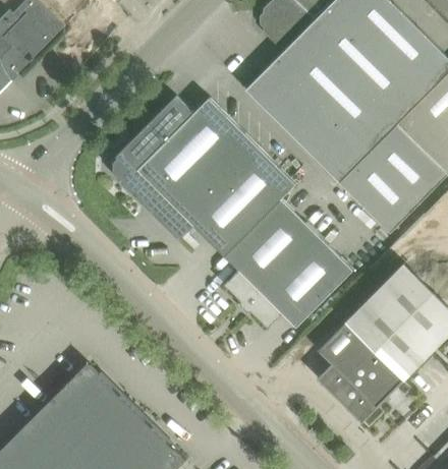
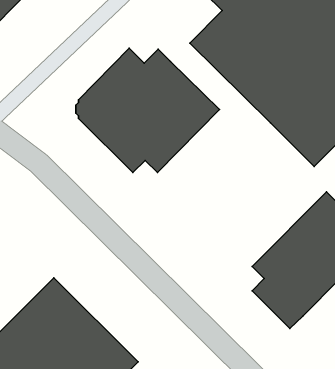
building: [209,167,354,328] -> none

